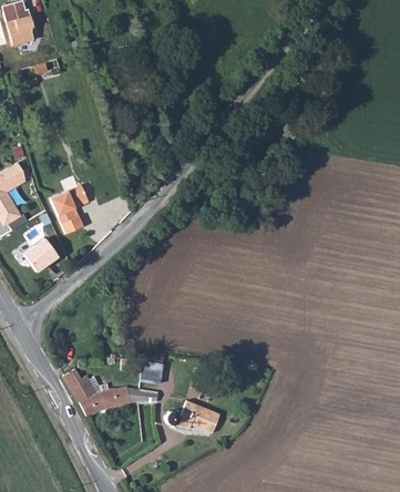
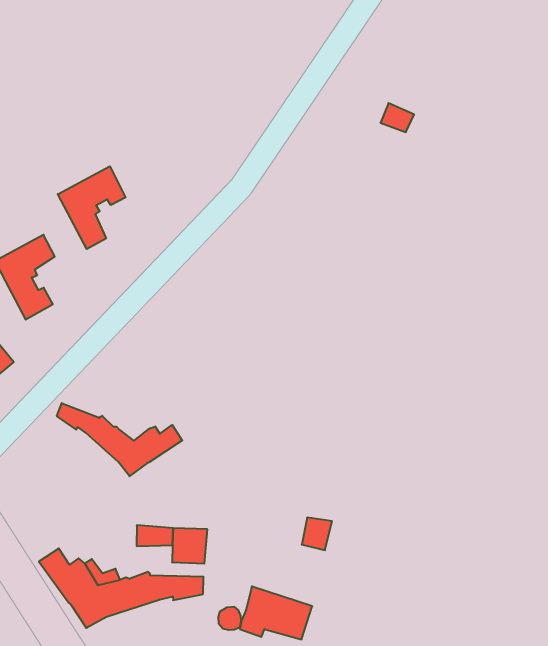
building: none -> [58,166,126,249]
building: none -> [57,403,182,476]

